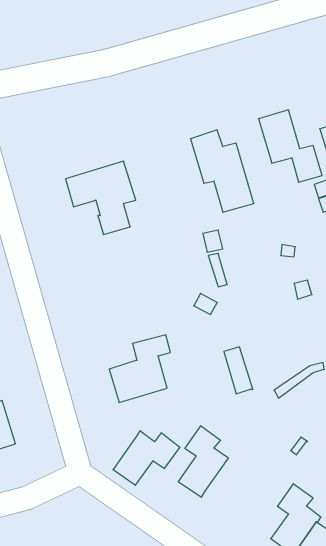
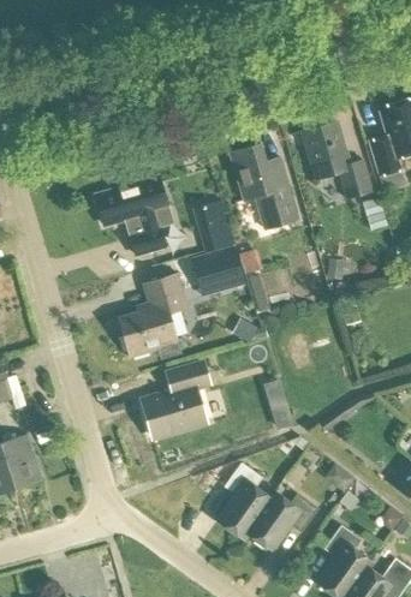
building: none -> [193,199,230,245]
building: none -> [189,246,243,287]
building: none -> [124,274,189,359]
building: [113,431,180,485] -> [246,491,318,550]

